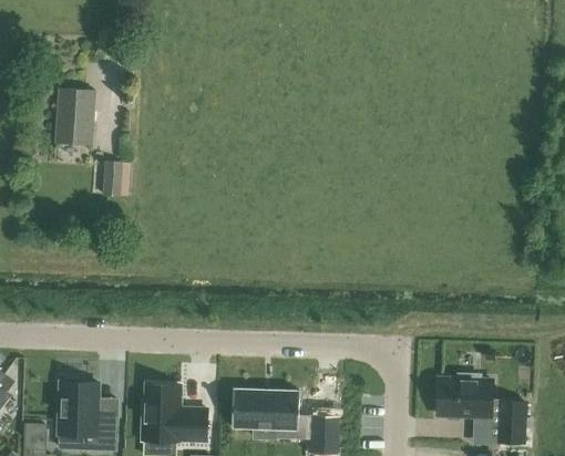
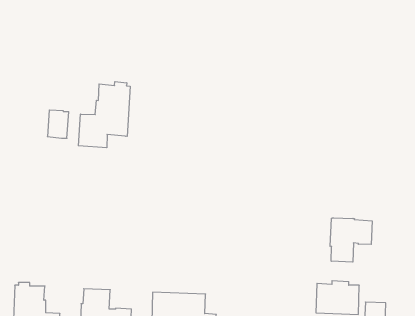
building: [55,90,95,146] -> none
building: none -> [78,82,130,148]
building: none -> [330,218,372,262]

